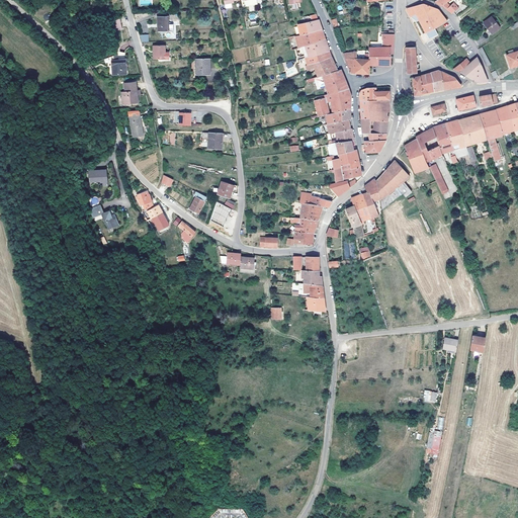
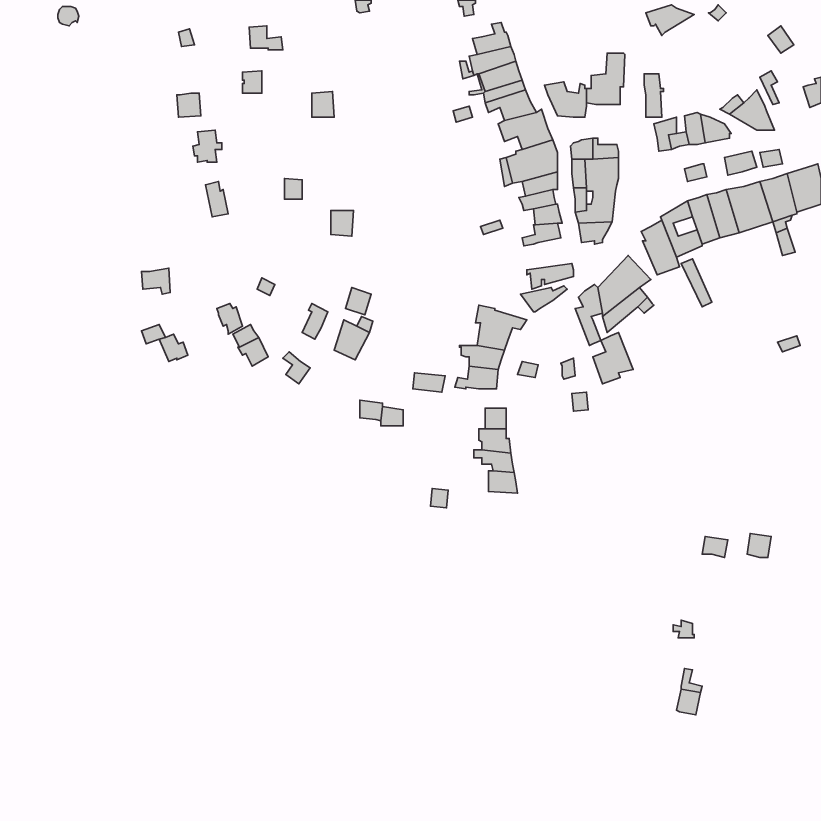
building: [419,9,446,37] -> none
building: [327,149,360,171] -> none
building: [346,194,371,227] -> [593,333,633,384]

